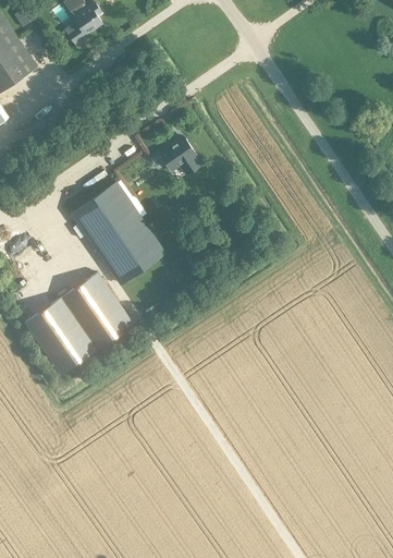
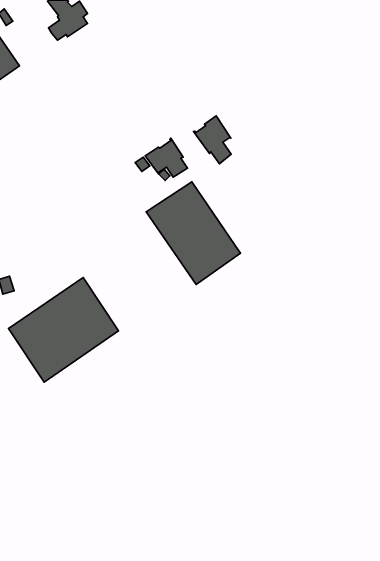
building: none -> [193,116,231,164]
building: [72,183,164,283] -> [146,182,241,284]

